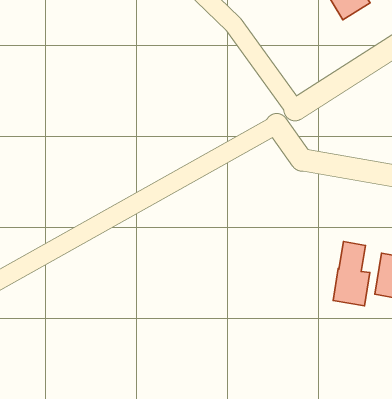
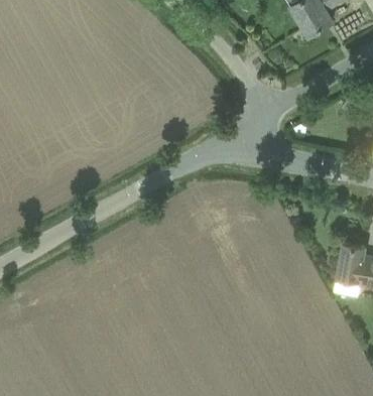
building: [333,242,370,306] -> none

